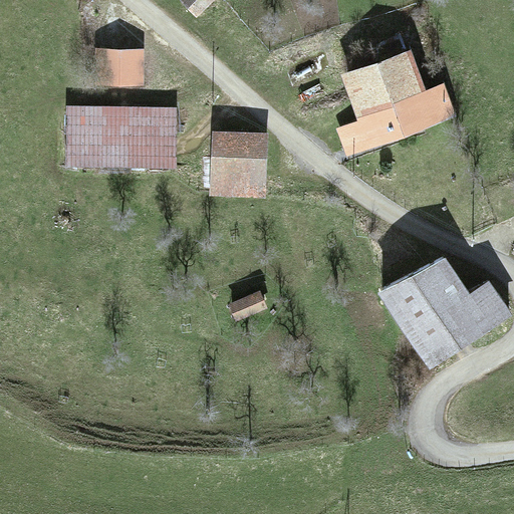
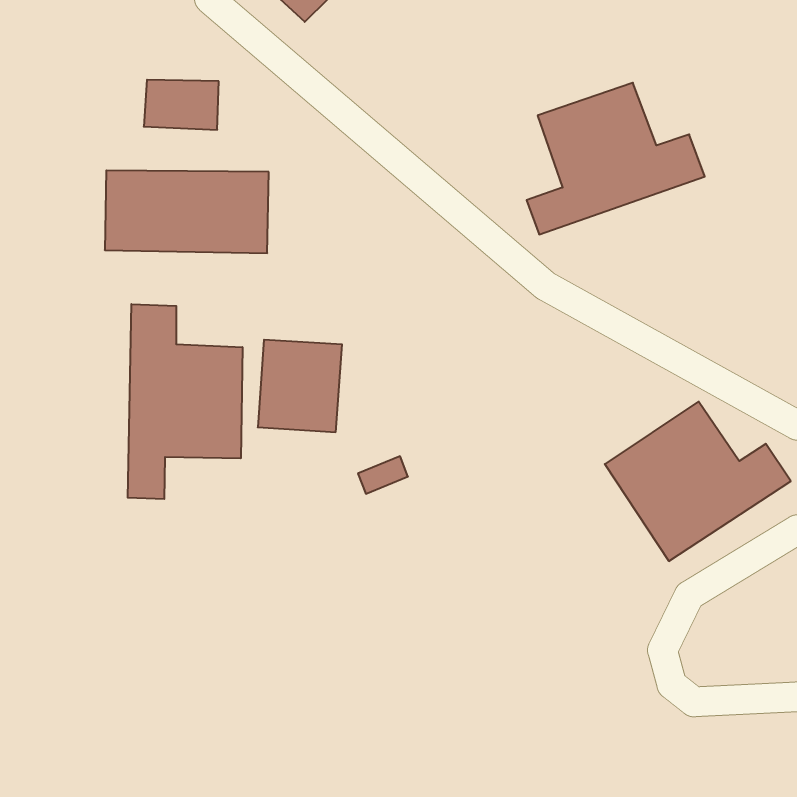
building: [211,135,265,194] -> [258,340,342,432]
building: none -> [128,304,242,499]

